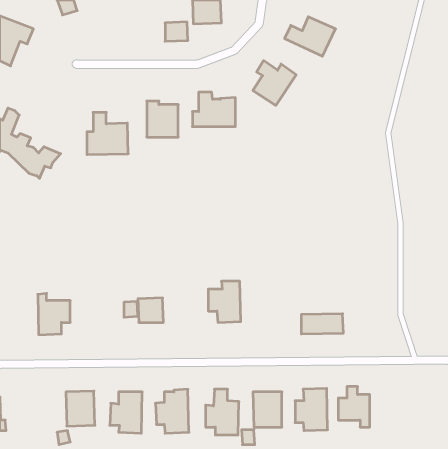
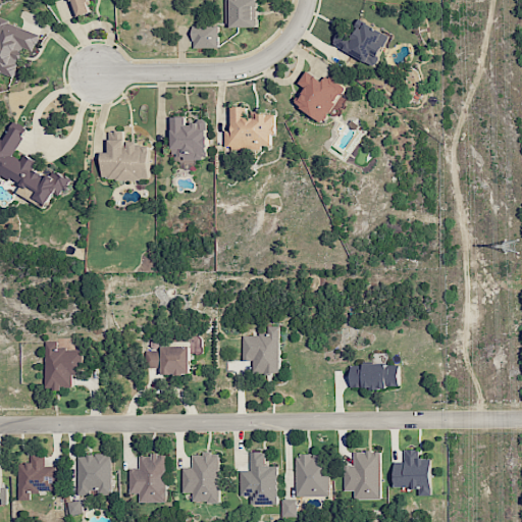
building: none -> [17,452,55,500]

